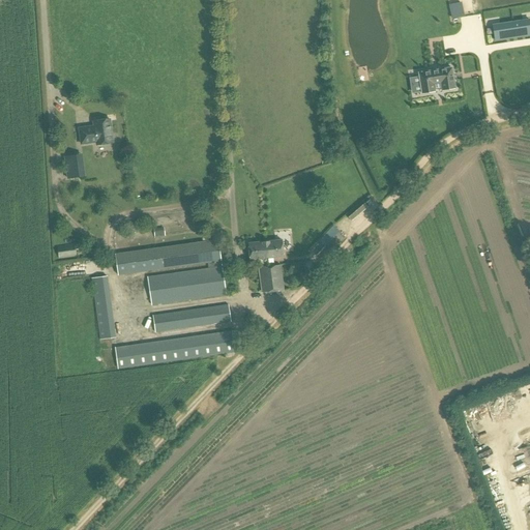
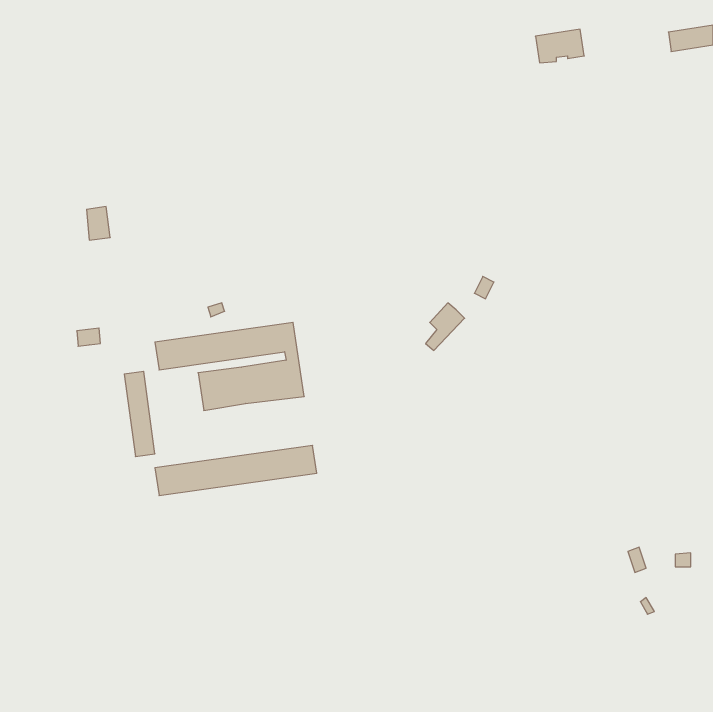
building: [418,67,454,92] -> [535,29,584,63]
building: [79,118,113,144] -> none
building: [248,239,284,291] -> none
building: [152,303,231,331] -> none

